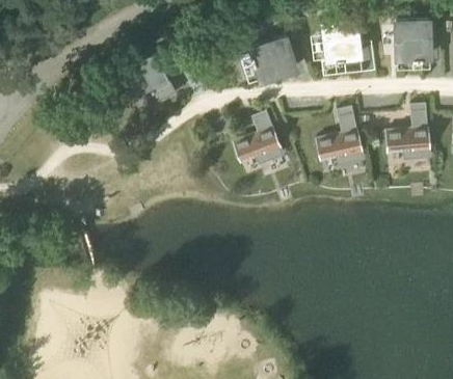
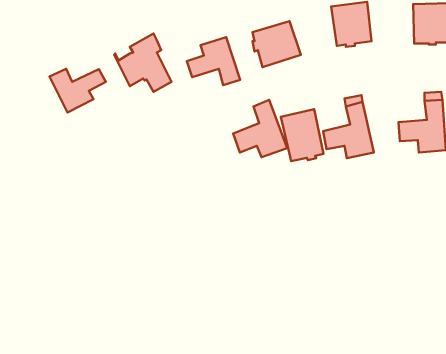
building: none -> [187,37,240,85]
building: none -> [49,69,106,113]
building: none -> [281,109,324,161]

